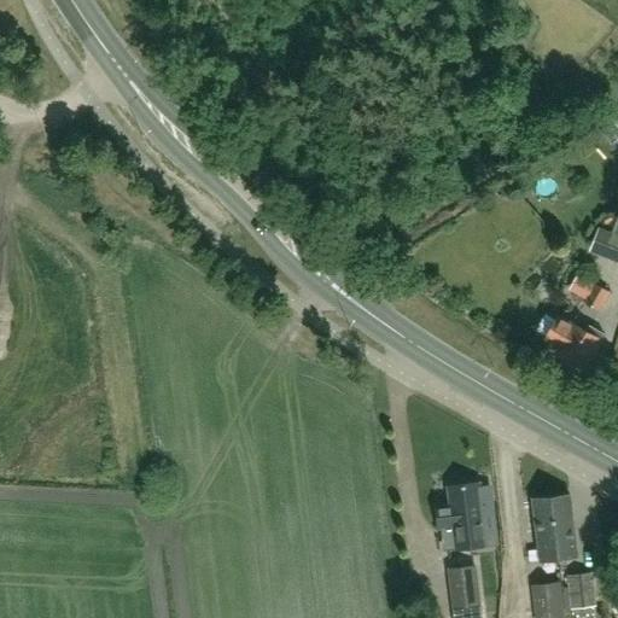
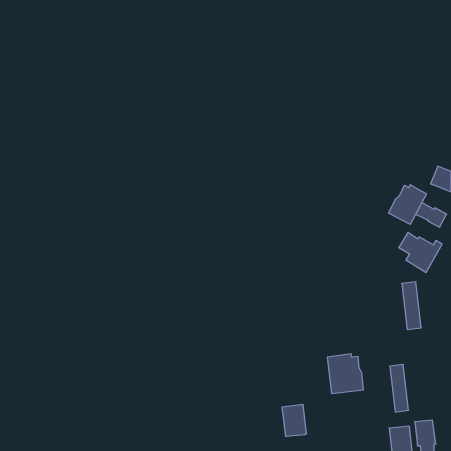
building: none -> [389,185,426,224]
building: [550,496,577,561] -> [402,282,421,329]
building: [447,566,480,610] -> [282,404,307,436]

